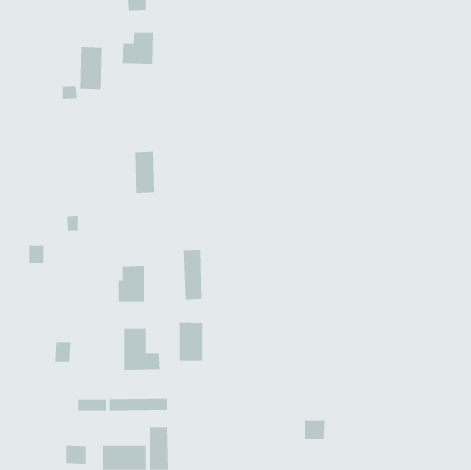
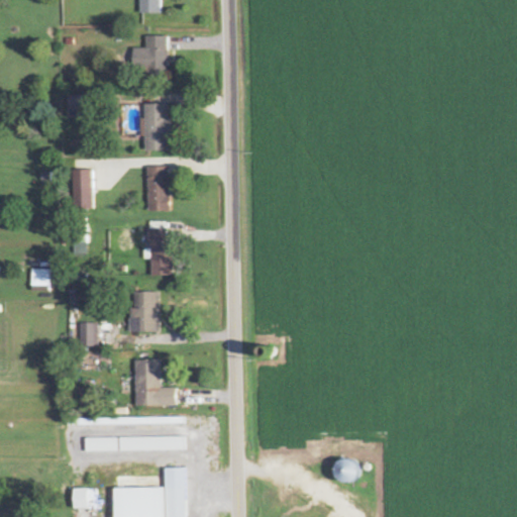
building: [80,46,103,90] -> [144,103,170,150]
building: none -> [73,169,93,209]
building: [183,249,202,300] -> [149,220,171,276]
building: [179,322,203,362] -> none
building: [55,342,71,362] -> [80,323,98,345]

